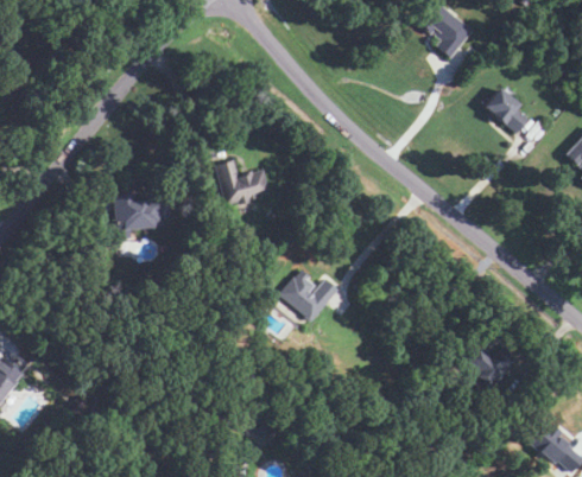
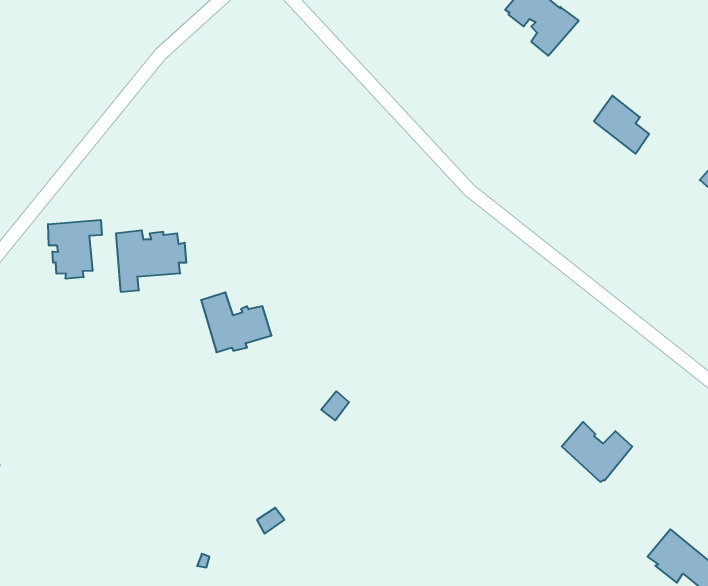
building: [215,159,270,205] -> [201,292,272,352]
building: none -> [48,220,102,279]
building: [280,269,337,320] -> none

